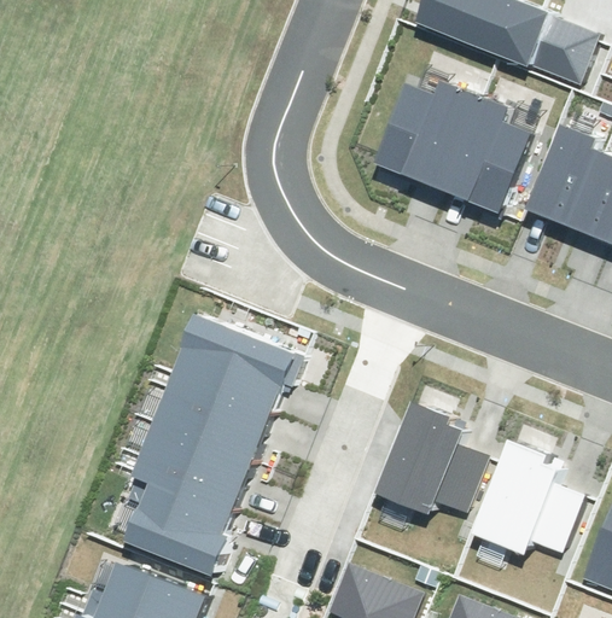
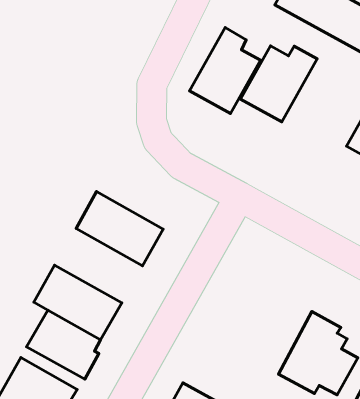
building: [437,94,529,211] -> [190,27,260,114]
building: [151,369,272,464] -> none
building: [375,400,482,512] -> none

